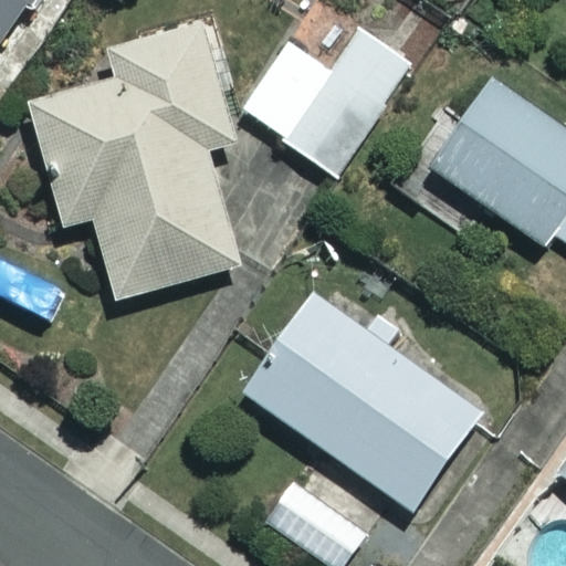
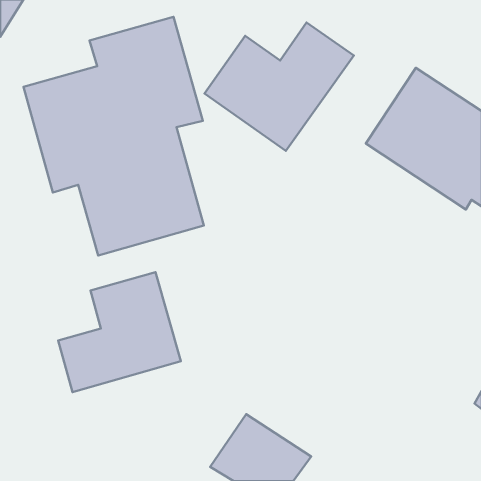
building: [244,295,480,510] -> none
building: none -> [58,272,181,392]

